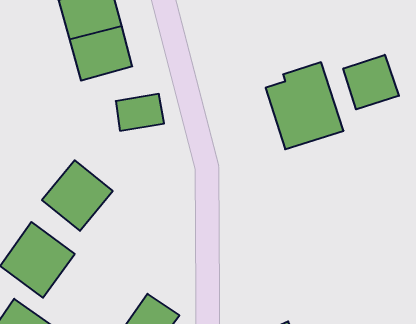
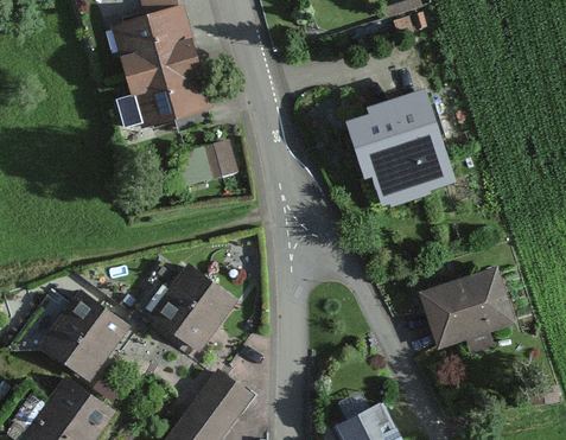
building: [343,55,399,109] -> none
building: [42,160,113,231] -> [148,263,230,345]
building: none -> [419,268,520,353]

